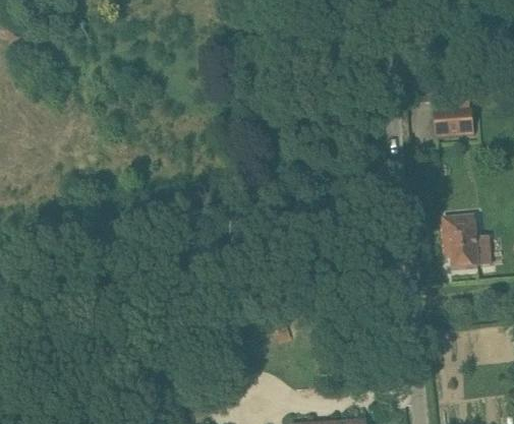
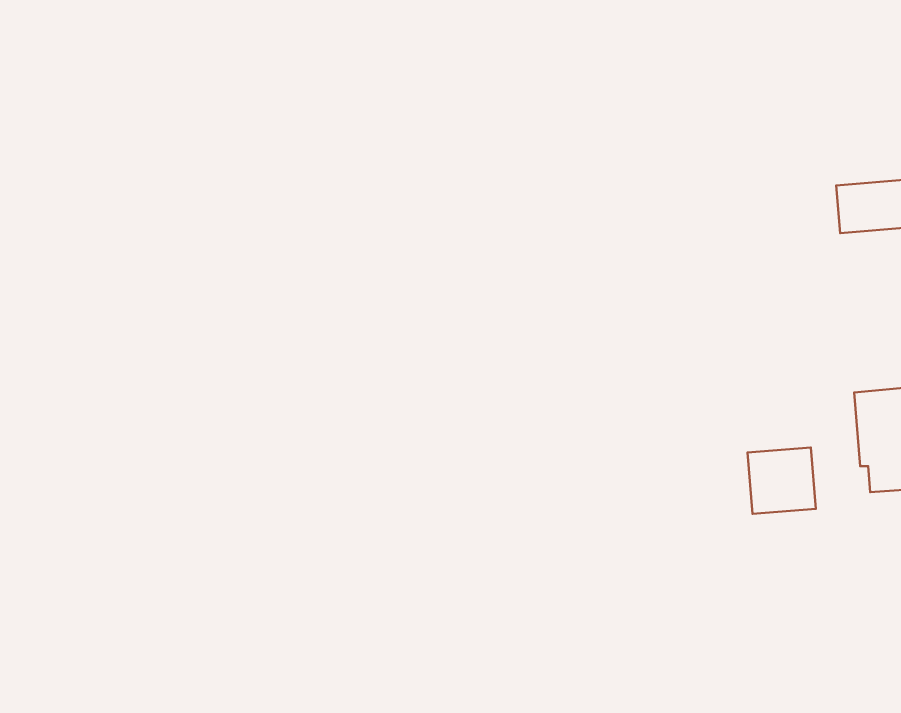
building: none -> [748,447,816,514]

